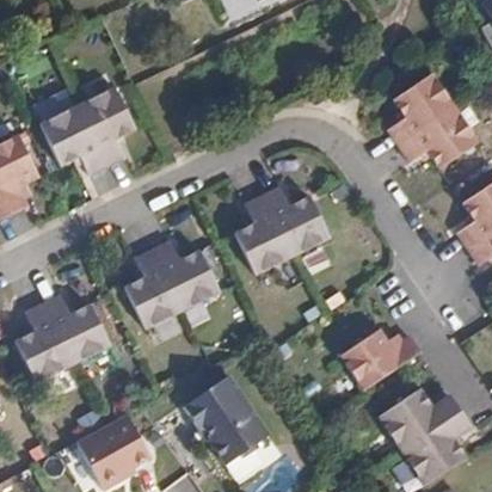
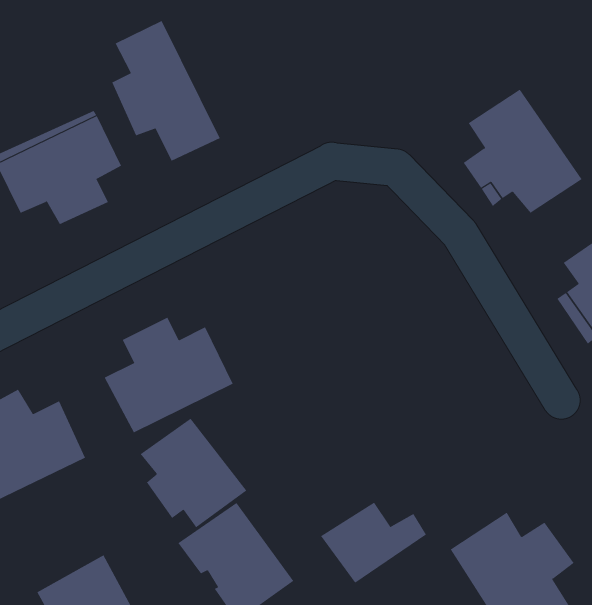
building: none -> [112,20,221,162]
building: [235,187,327,272] -> none
building: none -> [140,418,247,528]
building: [340,325,418,385] -> [320,502,427,584]

